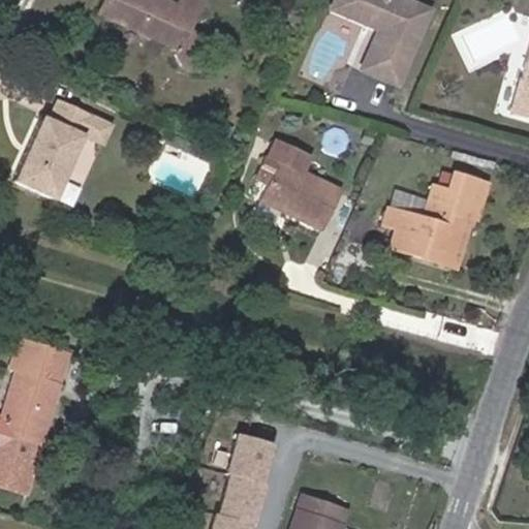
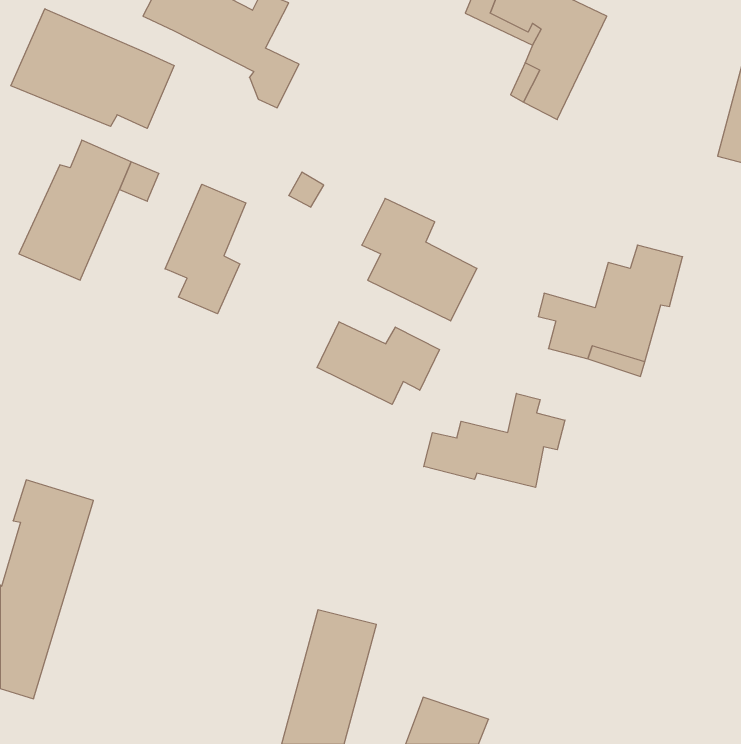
building: none -> [11,9,174,128]
building: none -> [165,184,246,314]
building: none -> [317,322,439,404]
building: none -> [424,393,565,487]

